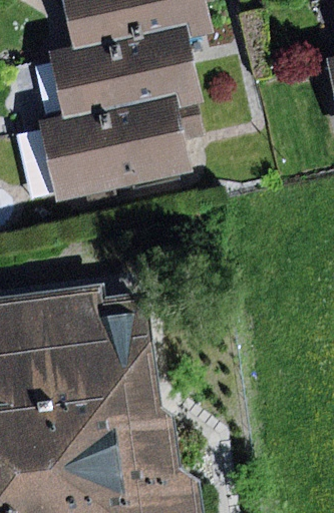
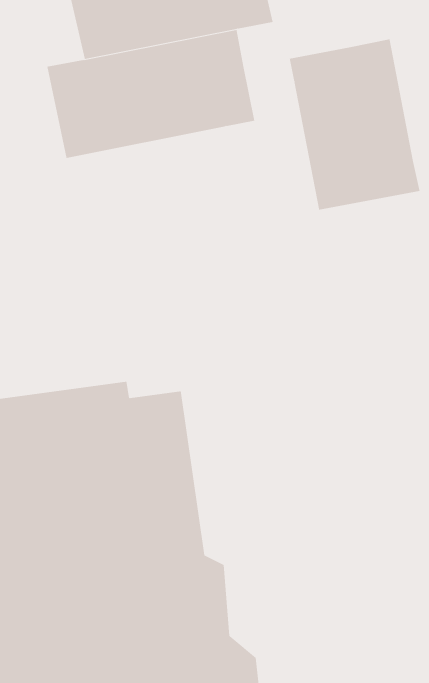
building: none -> [289,38,420,210]
building: [40,100,191,203] -> none

